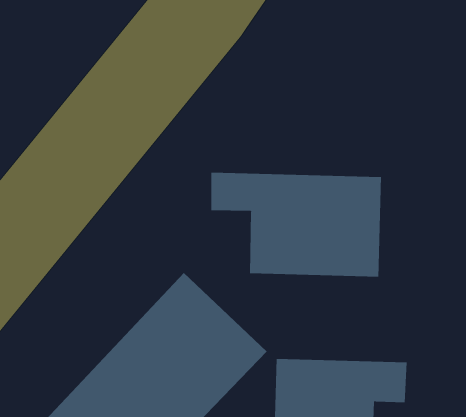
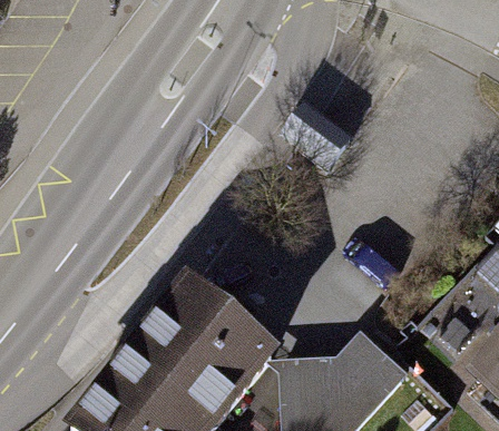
building: [211,172,382,278] -> none

